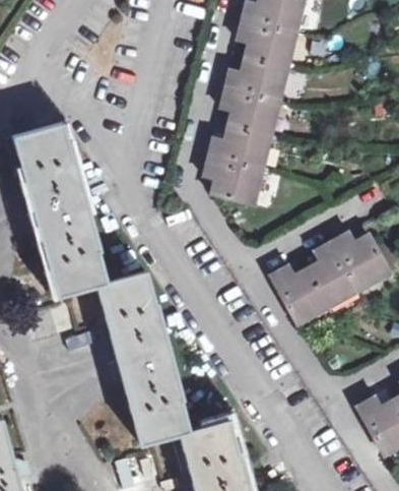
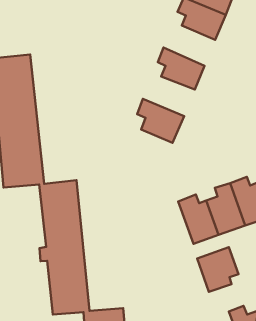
building: [226,57,289,103] -> none
building: [211,125,274,170] -> none
building: none -> [197,247,239,292]

